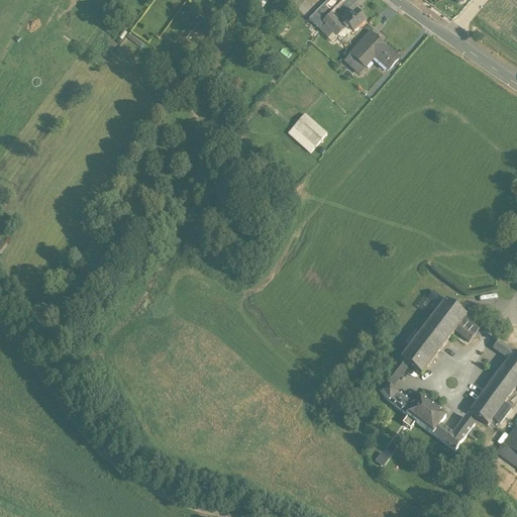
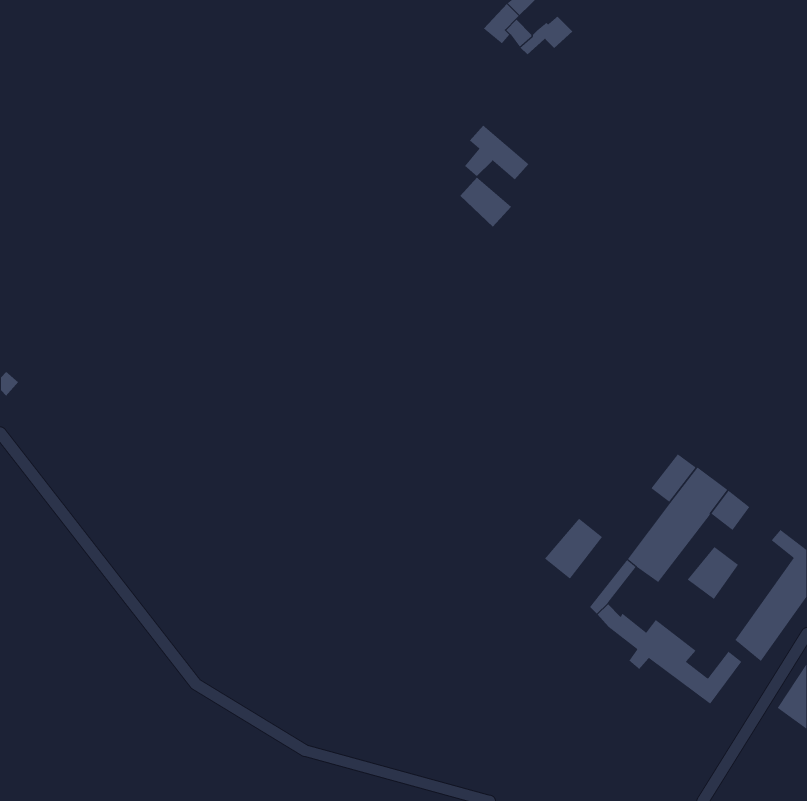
building: [356,31,398,67] -> [464,125,529,180]
building: none -> [544,518,603,580]
building: none -> [687,546,739,600]

